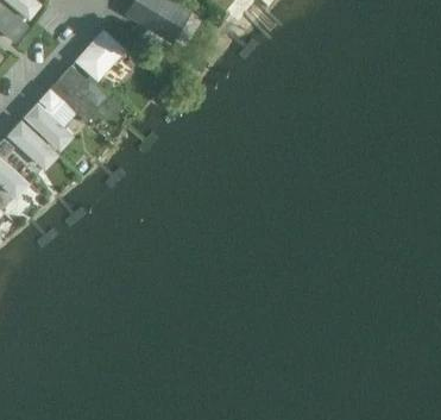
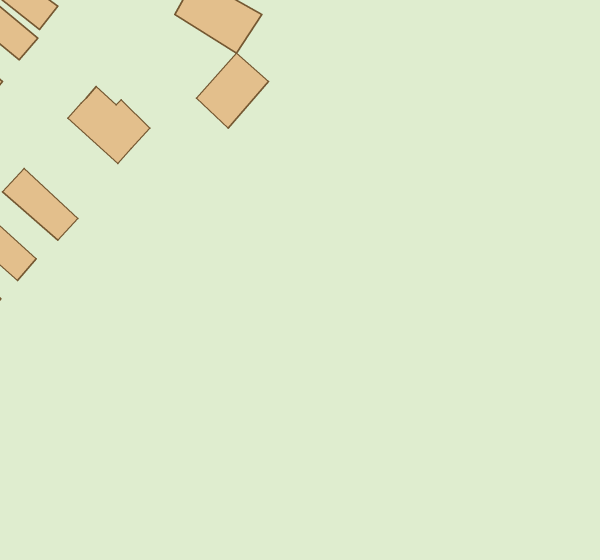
building: [75,27,126,81] -> [197,53,268,128]
building: [23,104,74,155] -> none

